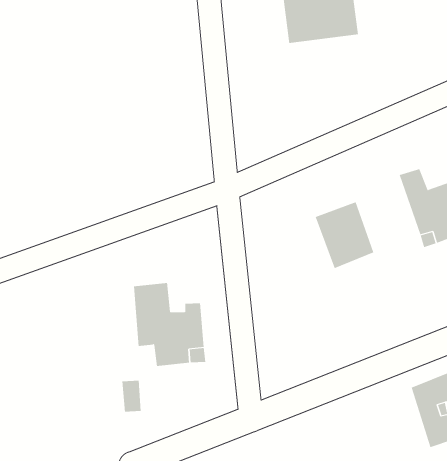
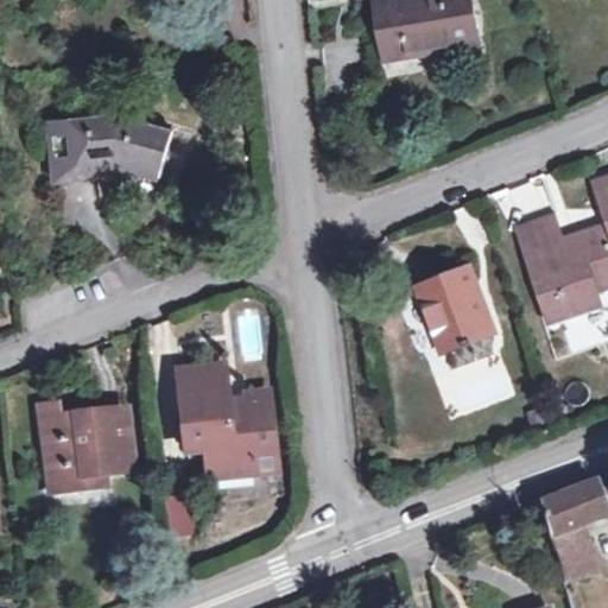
building: none -> [52,109,177,180]
building: none -> [36,408,129,493]

